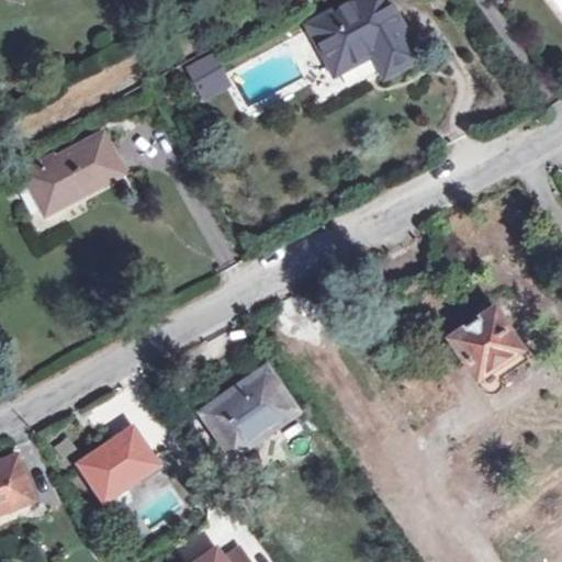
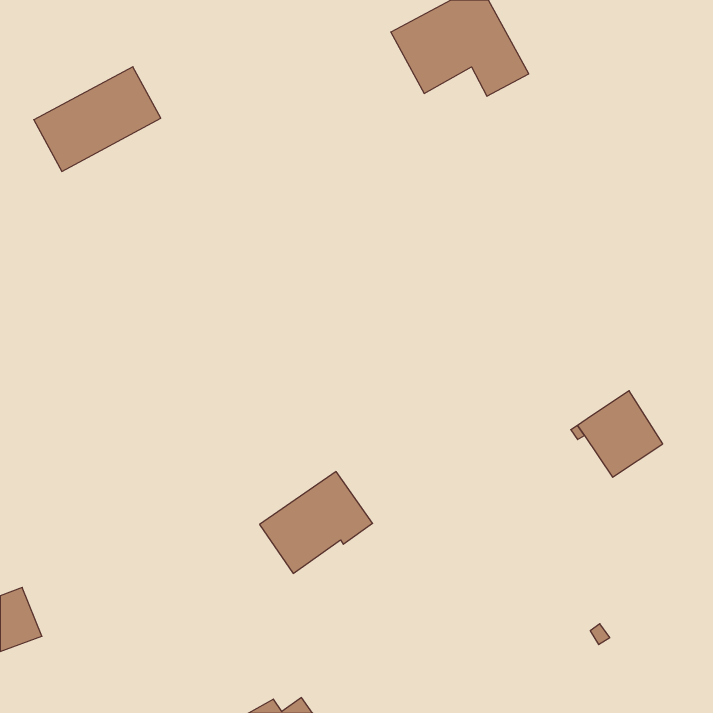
building: [187,53,226,95] -> none
building: [23,133,123,215] -> [34,67,161,171]
building: [81,431,155,499] -> none

